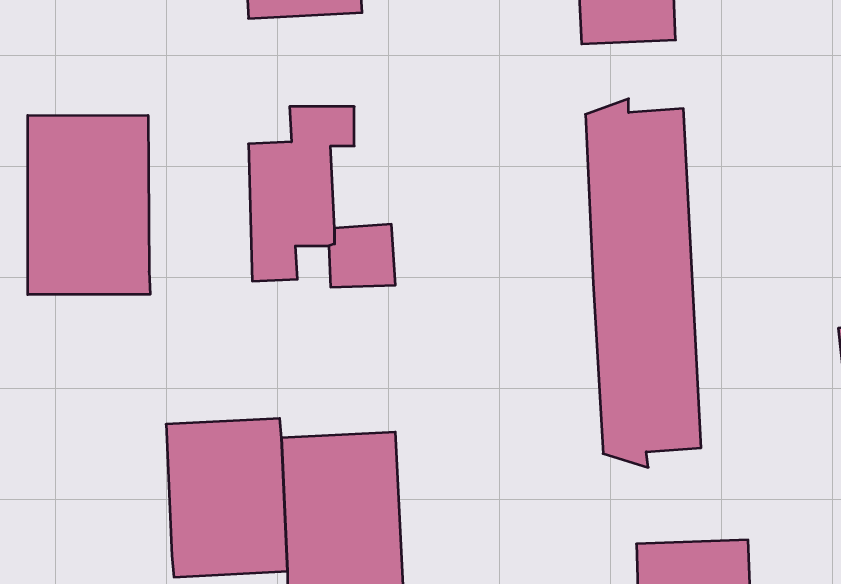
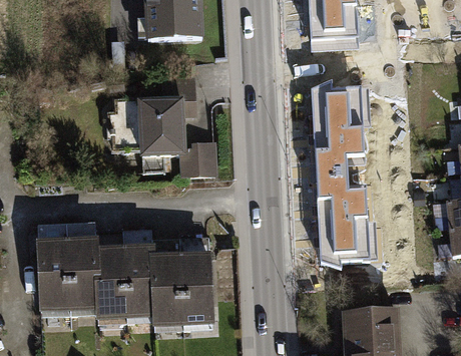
building: [28,115,150,295] -> none
building: none -> [40,234,102,315]

